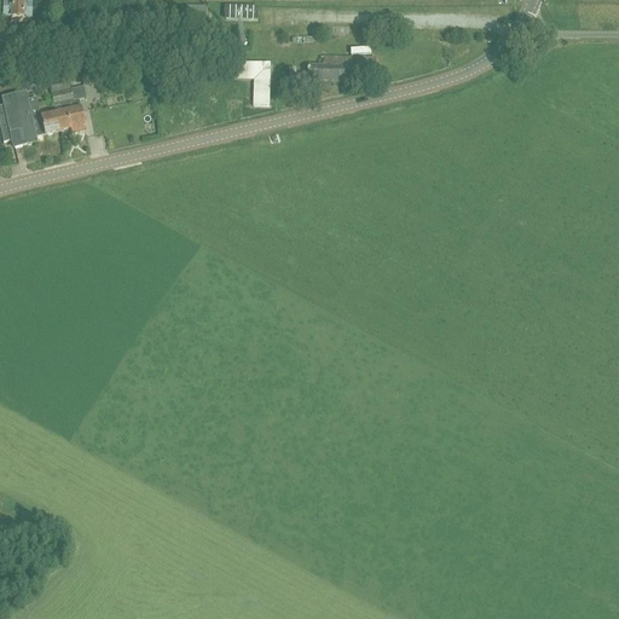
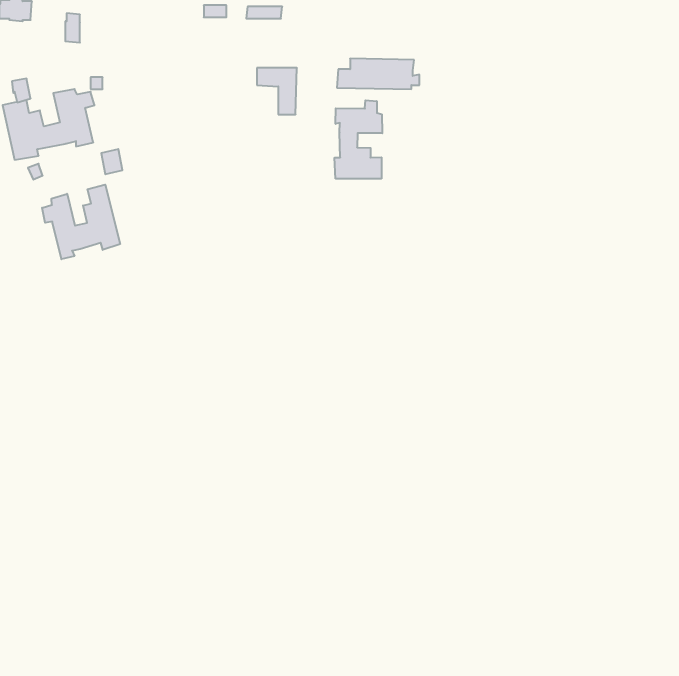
building: none -> [335,100,382,179]
building: none -> [42,185,120,259]

